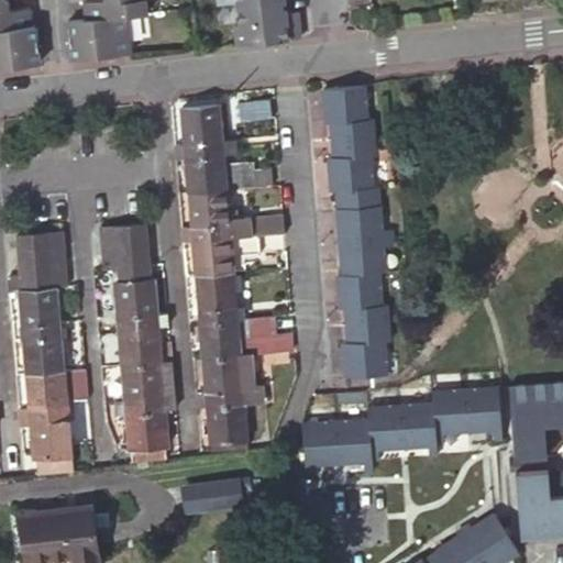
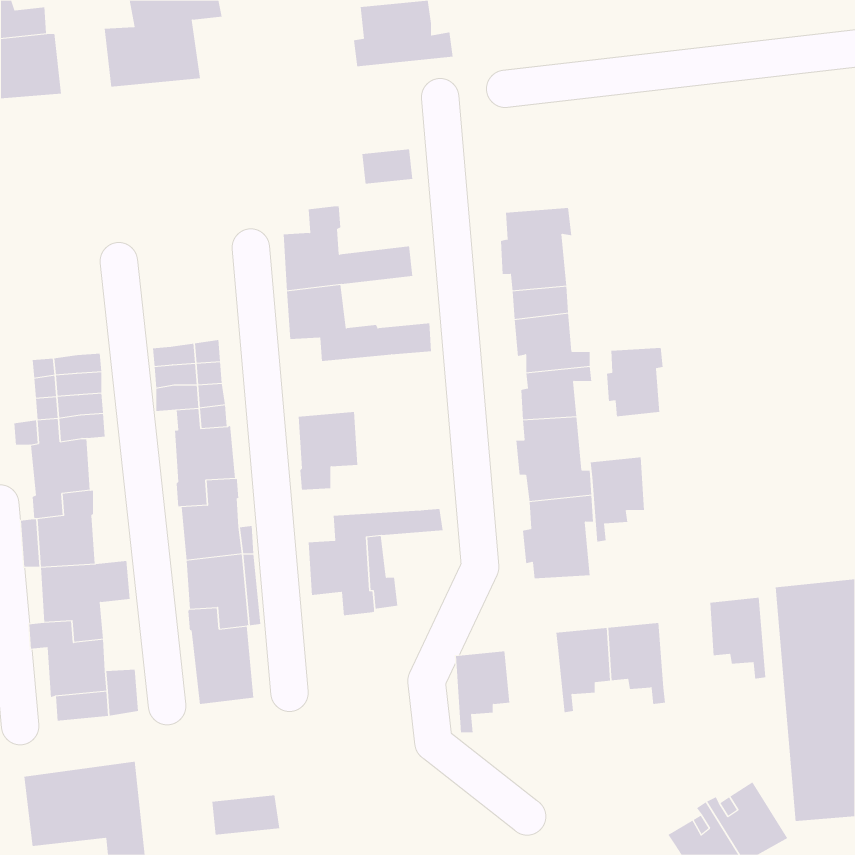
building: [324,85,374,140] -> none
building: [180,101,221,155] -> none
building: [189,222,258,274] -> none
building: none -> [607,347,663,417]
building: [198,305,276,356] -> none
building: [205,389,249,440] -> none
building: [432,396,468,452] -> [590,457,645,542]
building: [332,426,372,476] -> none
building: [185,479,230,506] -> [211,795,280,835]

